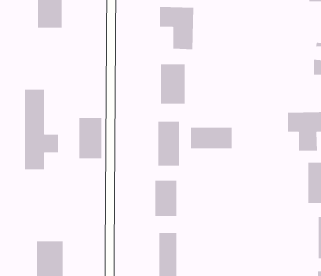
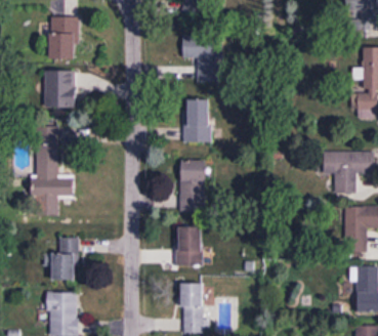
building: none -> [44,70,75,108]
building: [79,117,102,159] -> none
building: [190,127,232,149] -> none
building: none -> [46,237,78,281]

